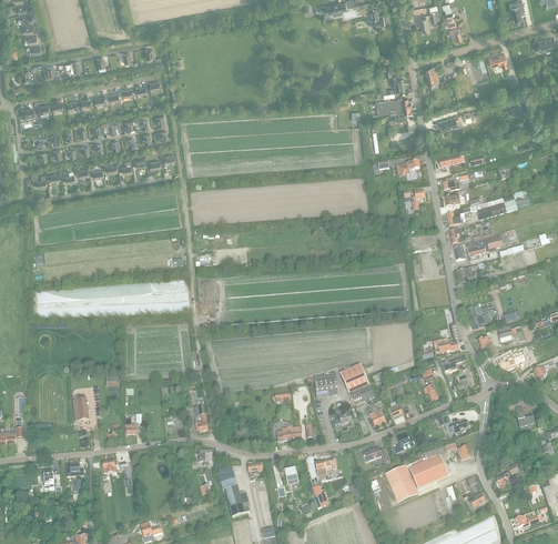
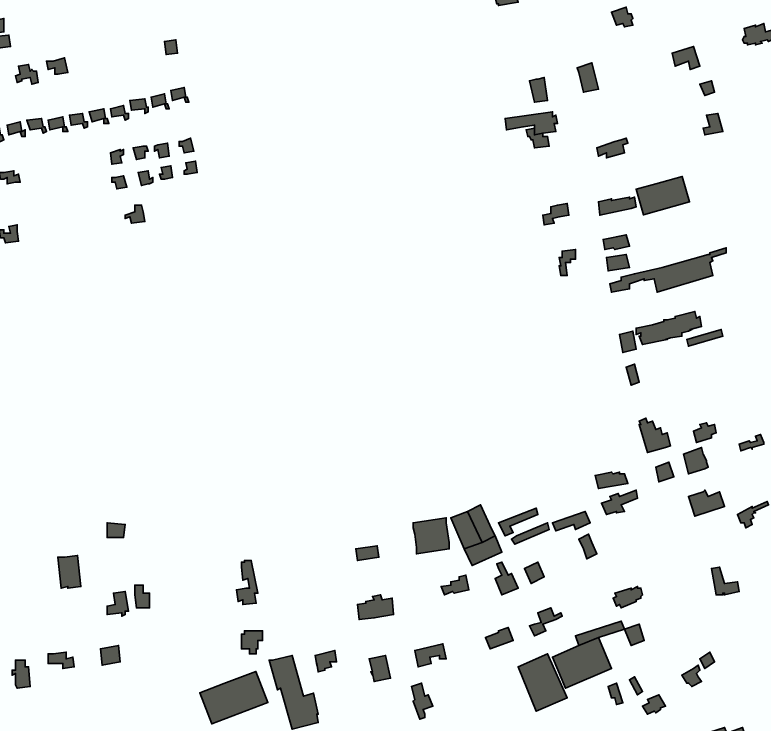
building: none -> [636,176,689,215]
building: none -> [200,672,268,724]

